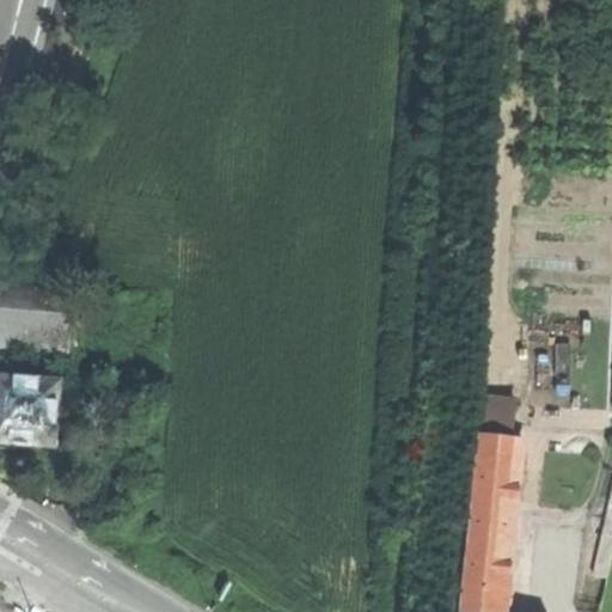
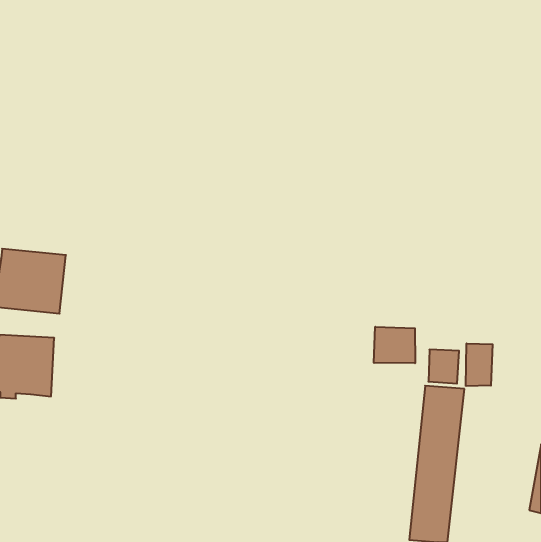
building: none -> [374,327,415,363]
building: none -> [466,343,493,386]

